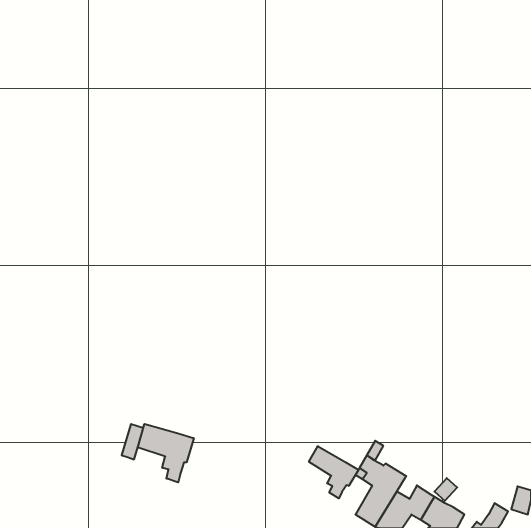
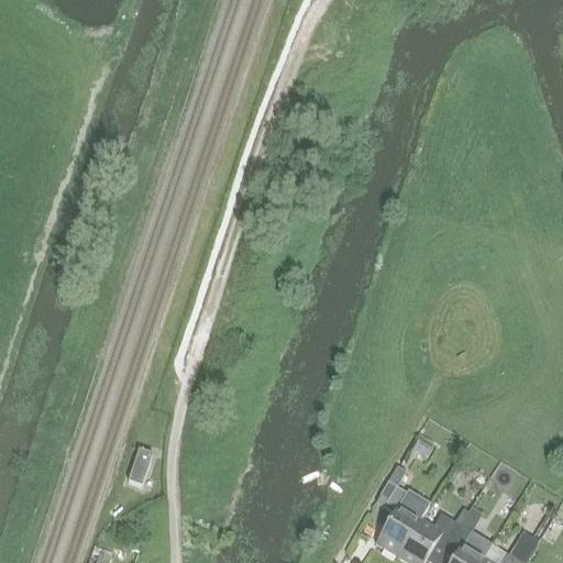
building: [138,424,194,482] -> none
building: [309,446,358,498] -> none

